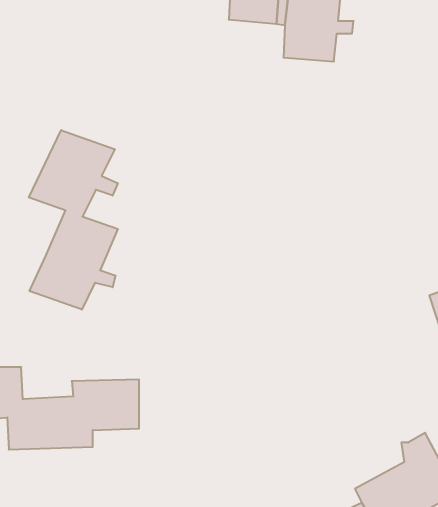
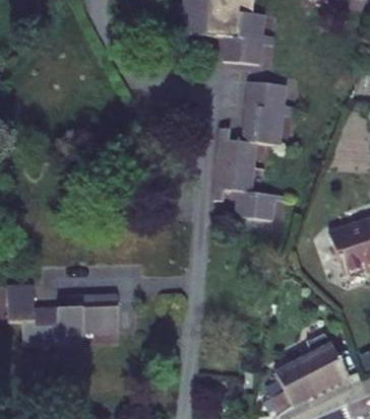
building: none -> [214,80,295,218]
building: [29,130,118,310] -> none

